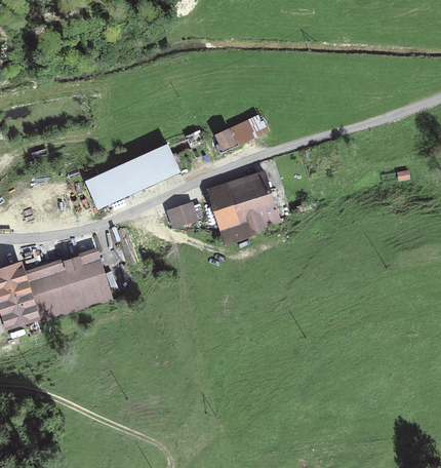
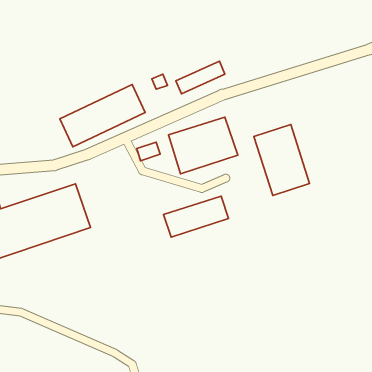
building: none -> [254,125,310,195]
building: none -> [164,196,229,237]

